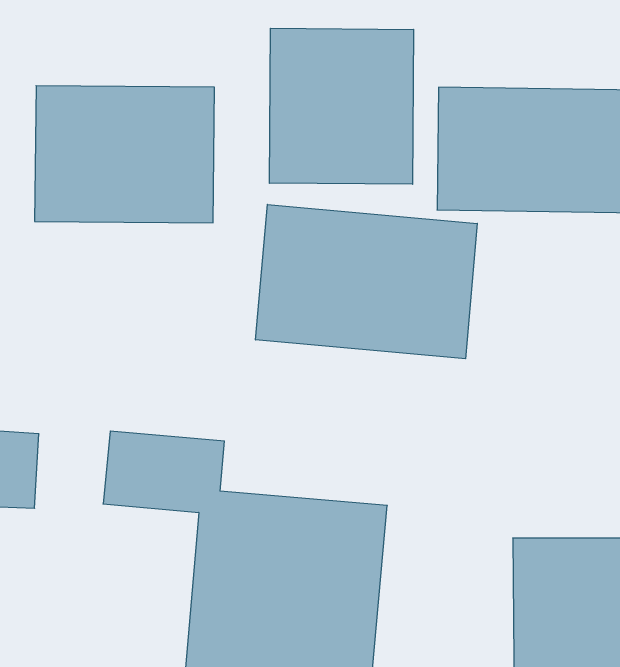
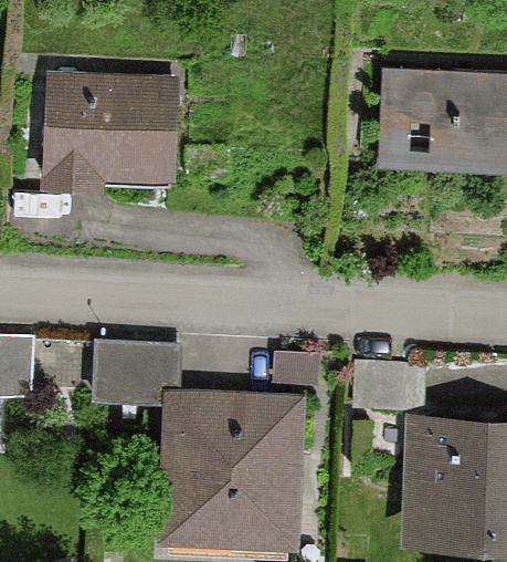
building: [269,28,414,184] -> none
building: [256,204,477,359] -> none

